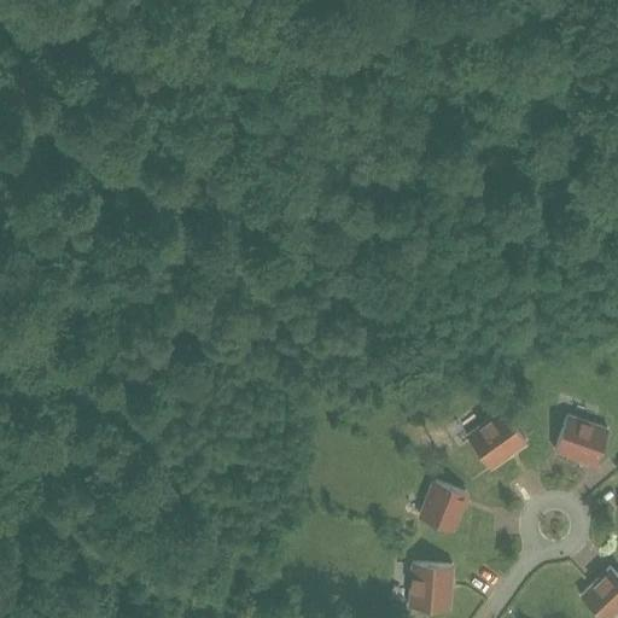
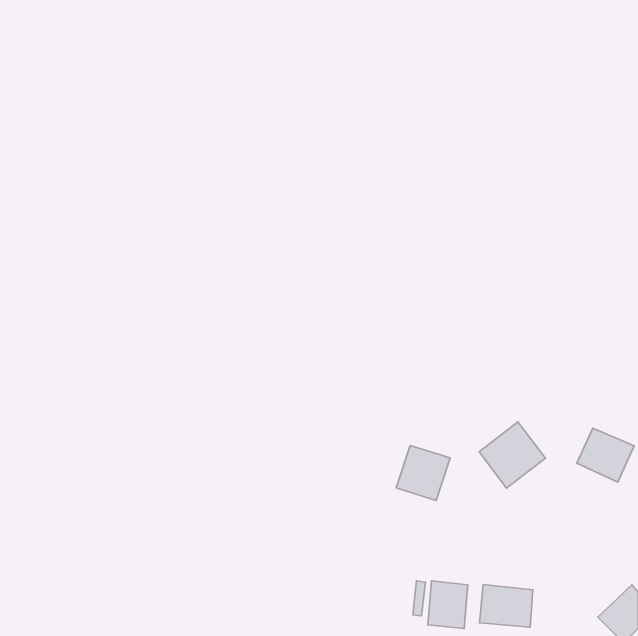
building: [419,480,471,534] -> [396,445,450,500]
building: none -> [480,584,533,627]

